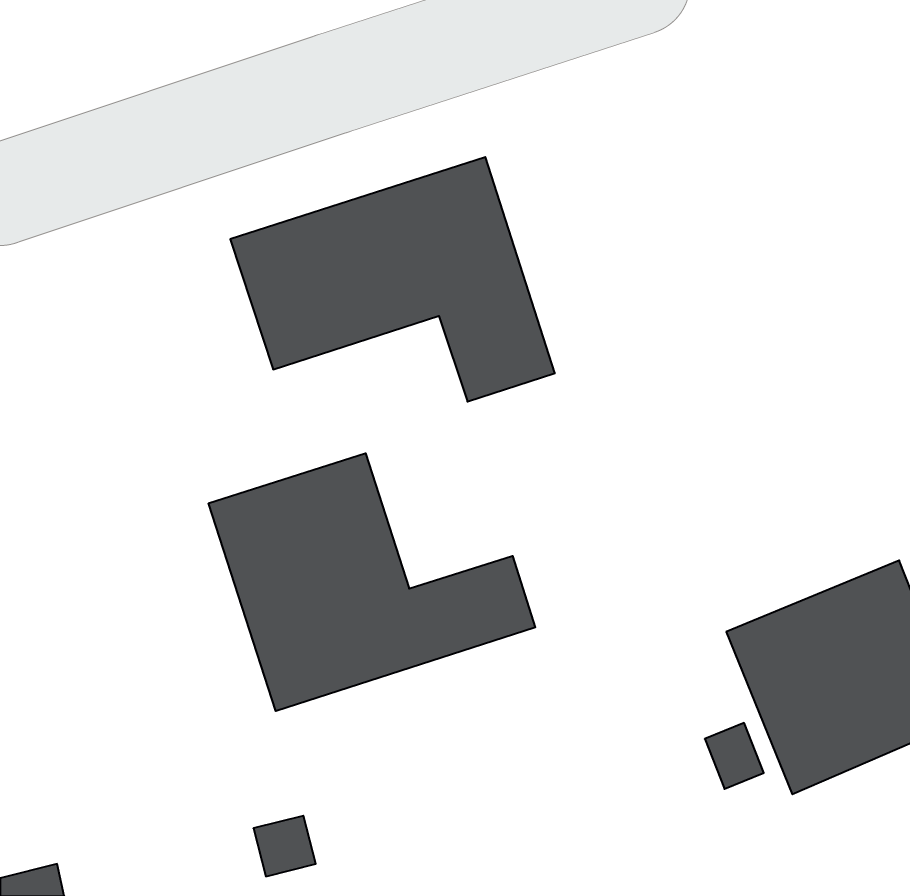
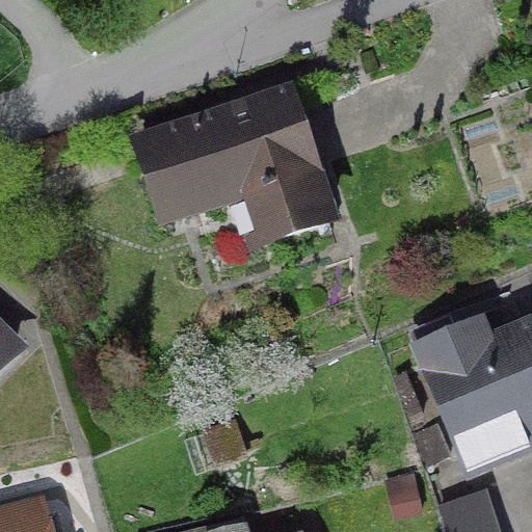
building: [209,453,535,711] -> none

